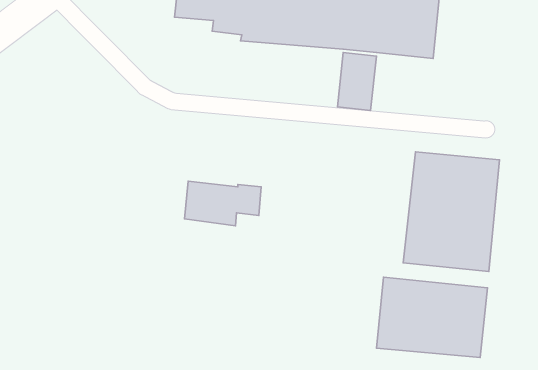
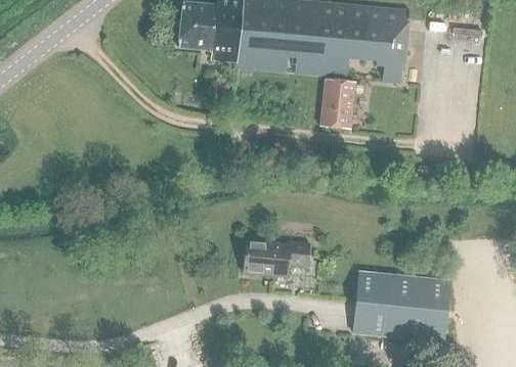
building: [403,152,500,271] -> none
building: [185,181,261,226] -> [244,237,310,276]

